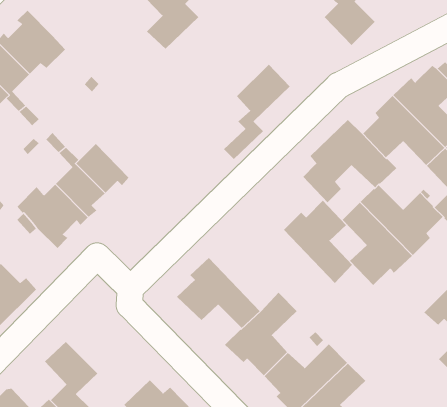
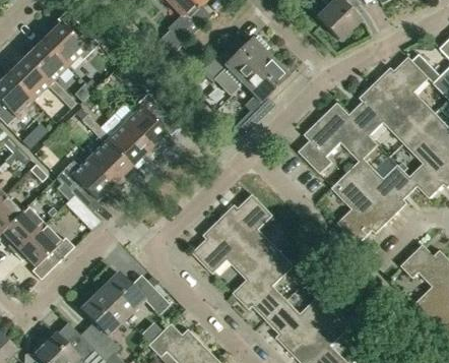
building: none -> [202,36,270,95]
building: none -> [124,94,180,153]
building: [283,200,353,284] -> [219,194,278,265]
building: none -> [99,273,170,318]

